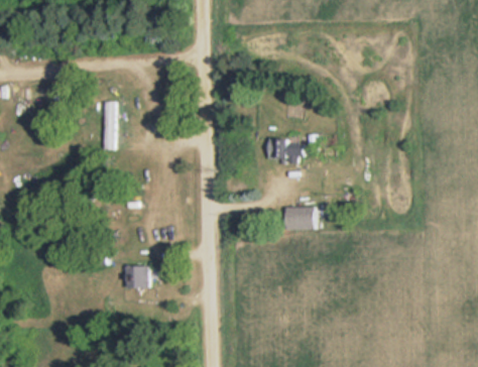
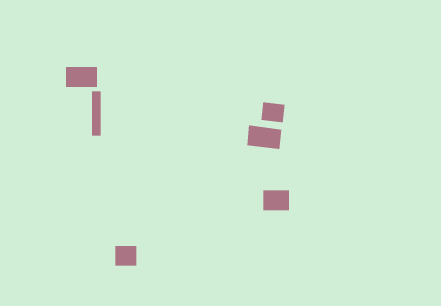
building: none -> [66,66,97,88]
building: none -> [261,102,285,123]

